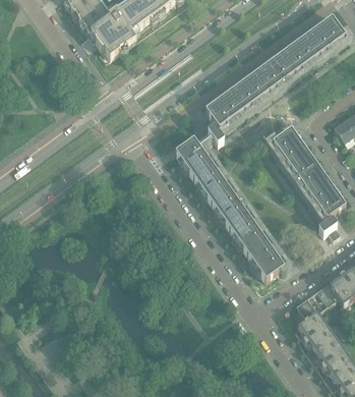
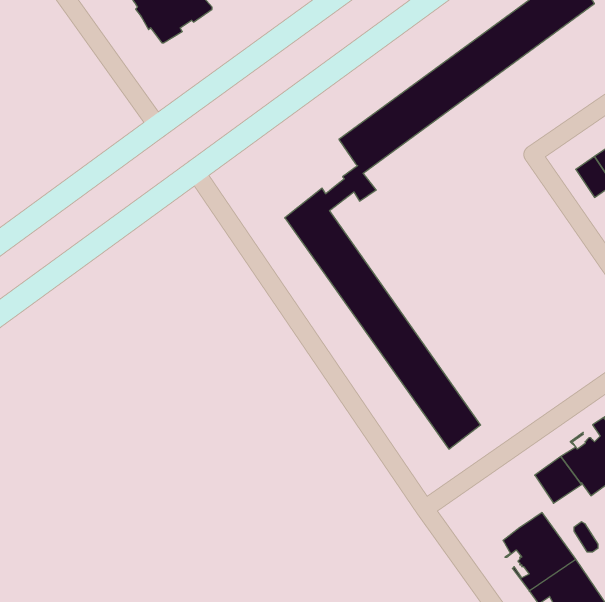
building: [273,128,344,236] -> none
building: [296,292,322,319] -> none

